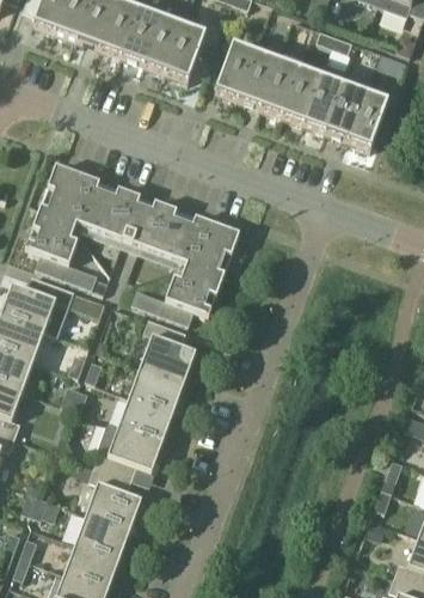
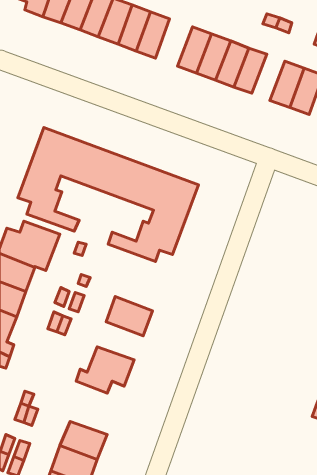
building: [302,77,342,132] -> none
building: [140,318,195,382] -> none
building: [118,395,173,440] -> none
building: [86,465,141,529] -> none

